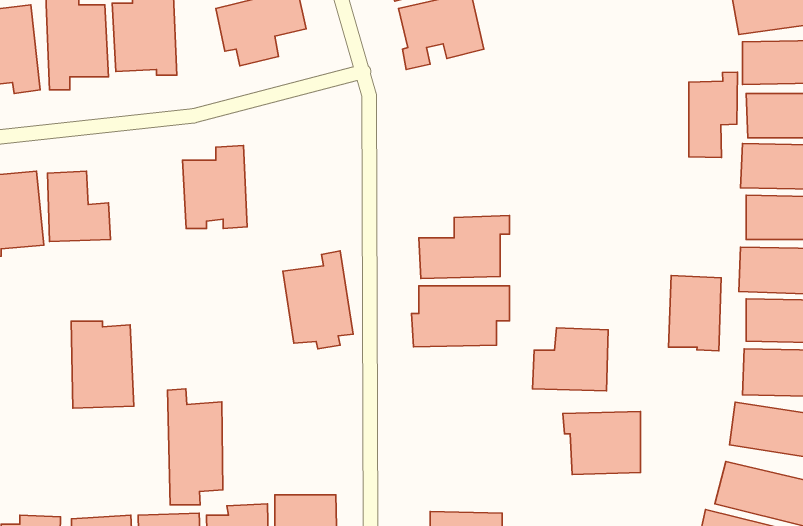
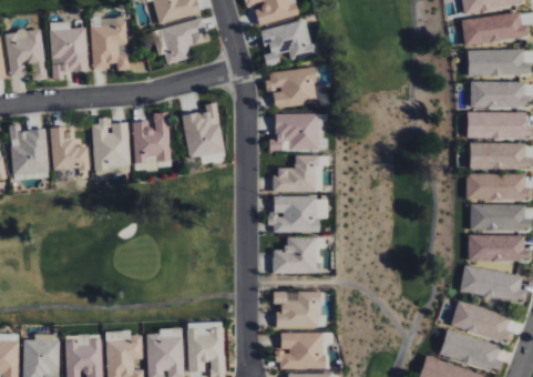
building: none -> [266,67,318,108]
building: [689,72,737,158] -> none
building: none -> [269,113,318,150]
building: [283,251,353,349] -> [182,102,224,161]
building: [669,276,721,351] -> none
building: [71,321,134,408] -> [92,120,130,172]
building: [532,328,608,391] -> [271,236,317,274]
building: [168,389,223,505] -> none
building: [563,412,640,475] -> [273,291,319,328]

